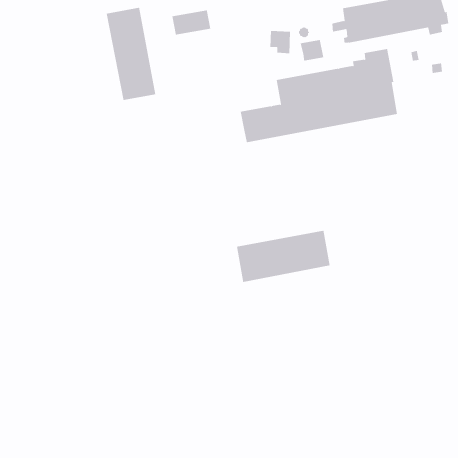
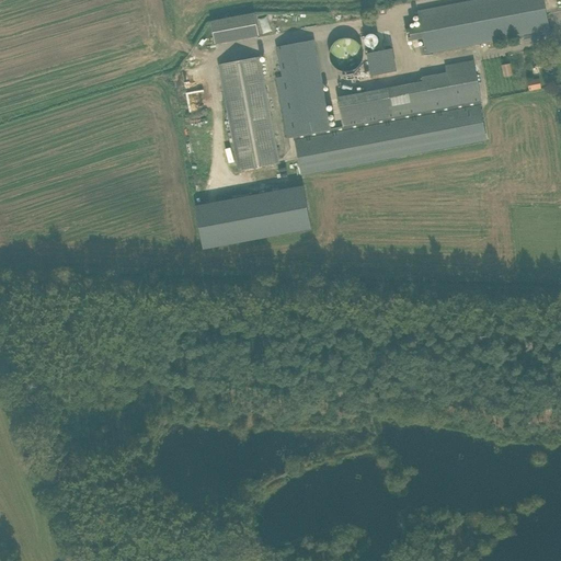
building: [106,7,156,101] -> [217,56,278,170]
building: none -> [275,38,331,136]
building: [236,230,330,282] -> [204,186,319,250]

